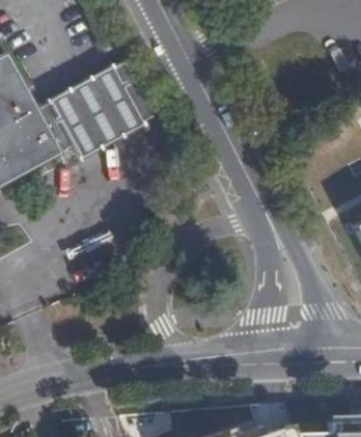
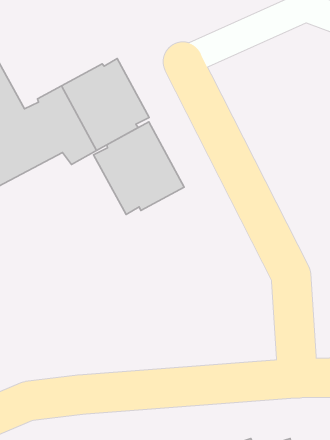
building: none -> [94,122,184,214]

